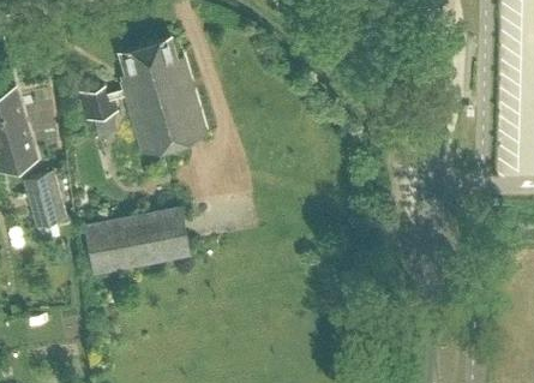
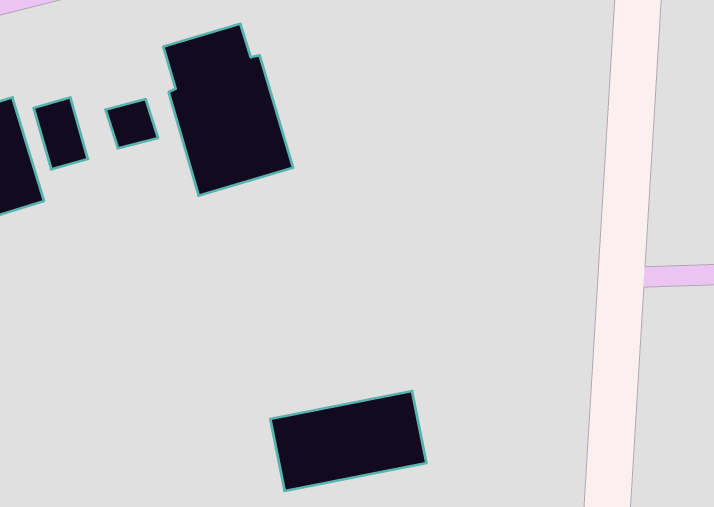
building: [24,173,67,229] -> none
building: [85,207,192,275] -> [270,391,426,491]

